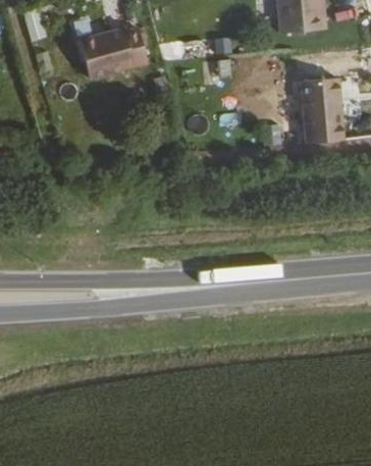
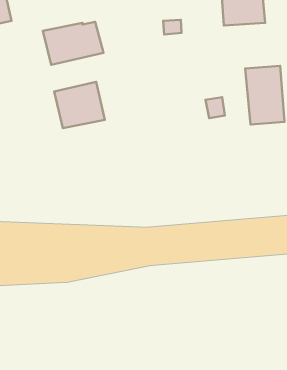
building: none -> [54,82,105,128]

